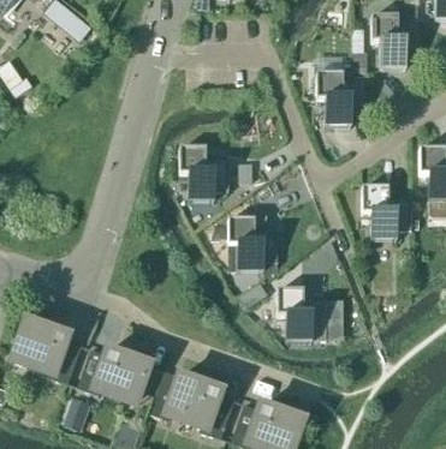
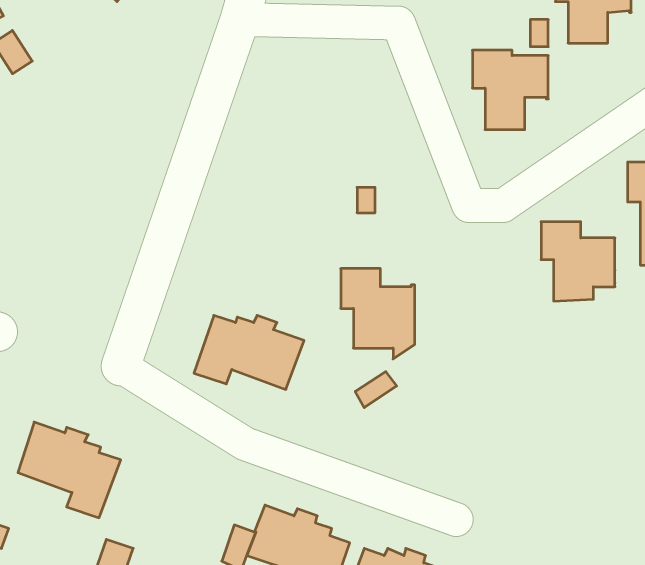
building: [179,148,228,200] -> none
building: [276,289,326,342] -> none
building: [77,349,150,399] -> [194,315,304,389]

